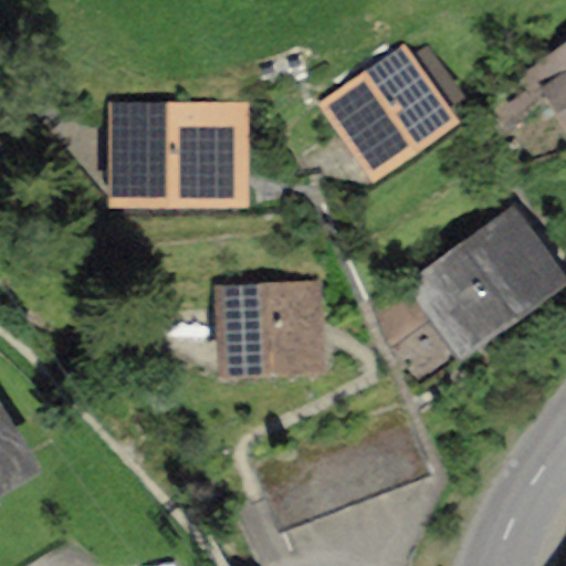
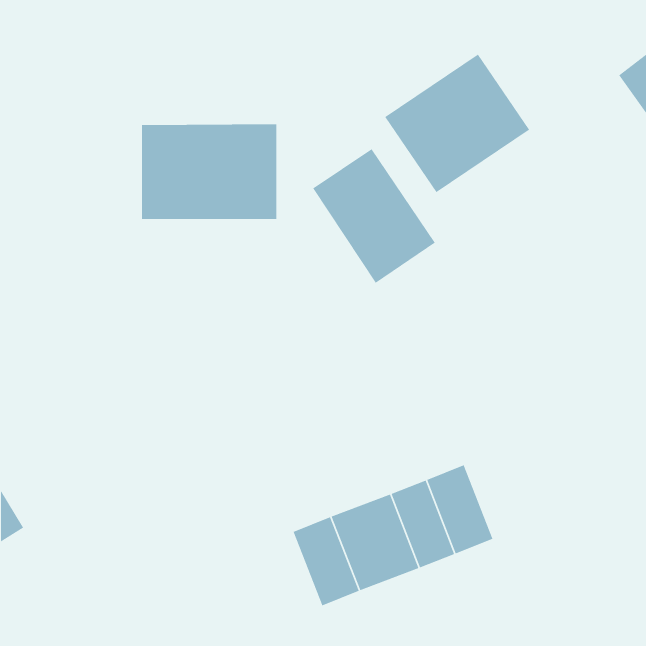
building: none -> [312,148,436,284]
building: [409,220,555,354] -> none
building: [229,285,318,363] -> none

